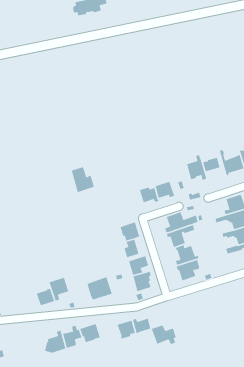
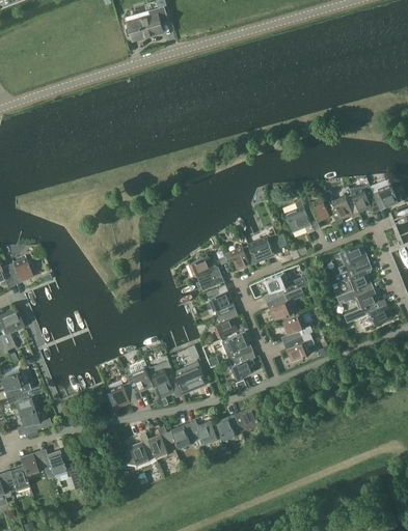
building: [71,166,95,193] -> [192,256,224,290]
building: none -> [149,359,180,396]
building: none -> [190,420,222,446]
building: [151,324,177,345] -> none

